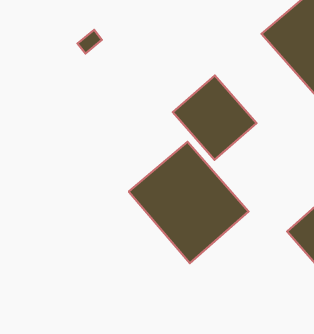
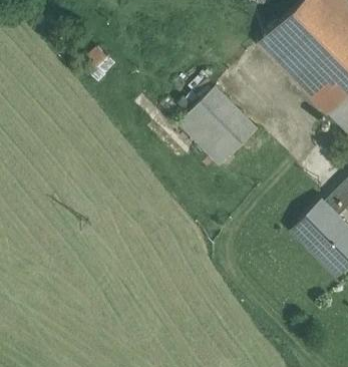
building: [129,142,248,263] -> none

